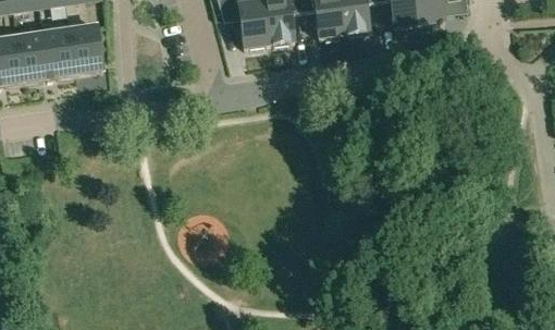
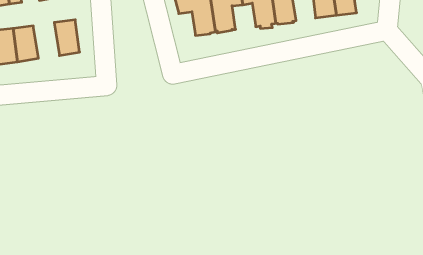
building: [42,33,75,77] -> none

